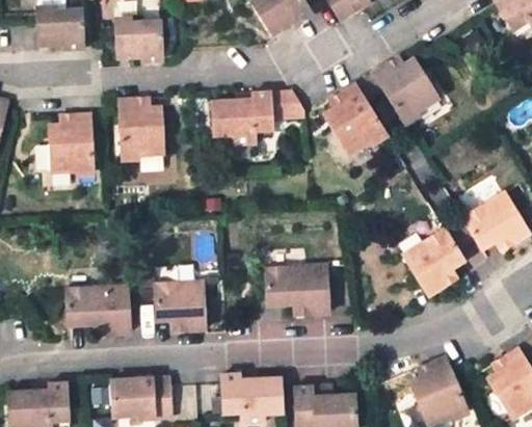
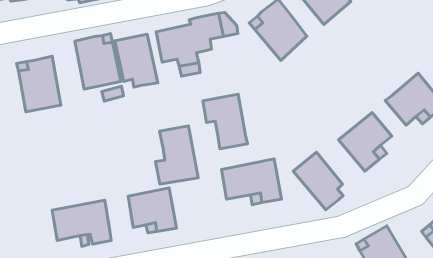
building: none -> [115,34,158,87]
building: none -> [203,94,247,149]
building: none -> [156,126,198,184]
building: none -> [293,152,343,210]

